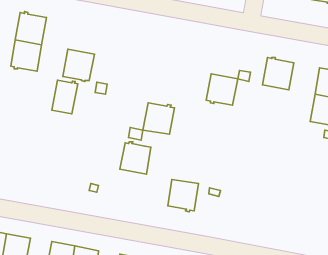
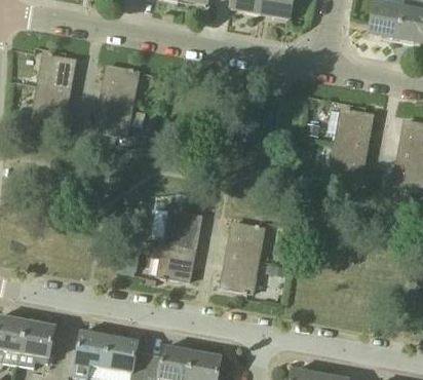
building: none -> [101,65,139,103]
building: [206,74,238,105] -> [329,140,367,178]
building: [52,80,78,114] -> none
building: [143,103,175,134] -> [226,221,264,259]
building: none -> [157,241,195,279]

